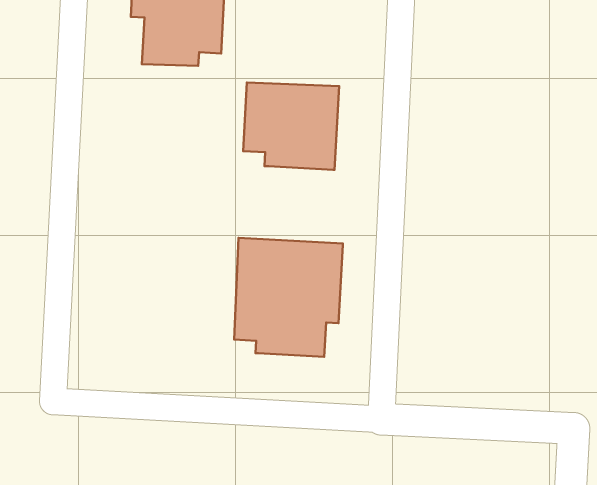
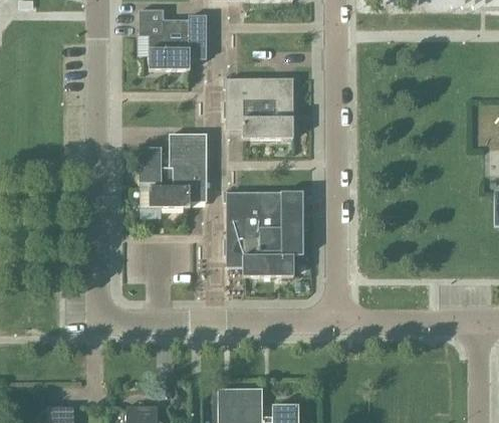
building: none -> [139,134,207,207]

